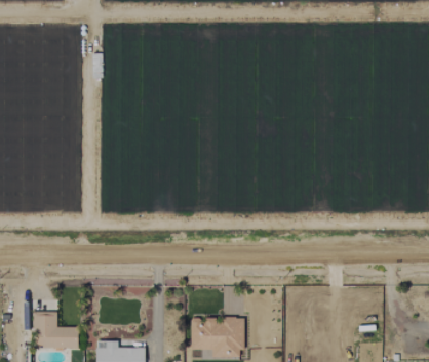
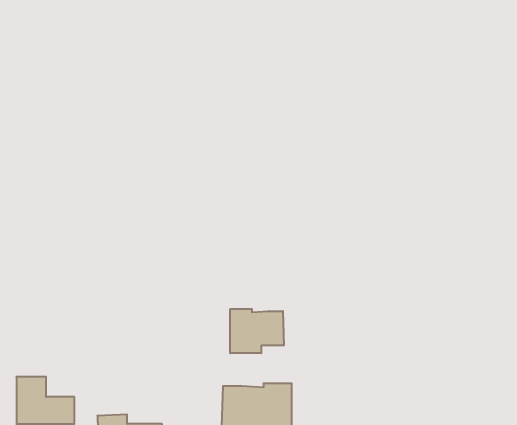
building: none -> [230,309,284,353]

